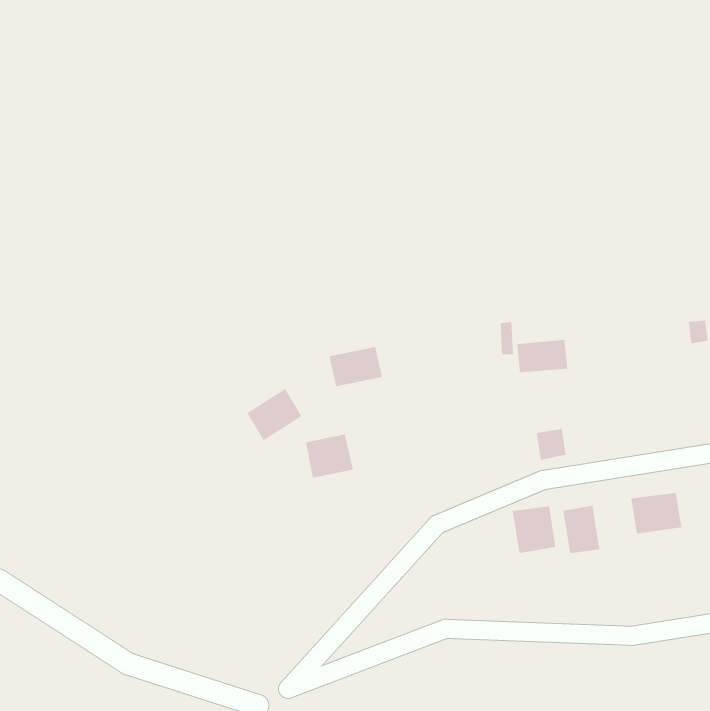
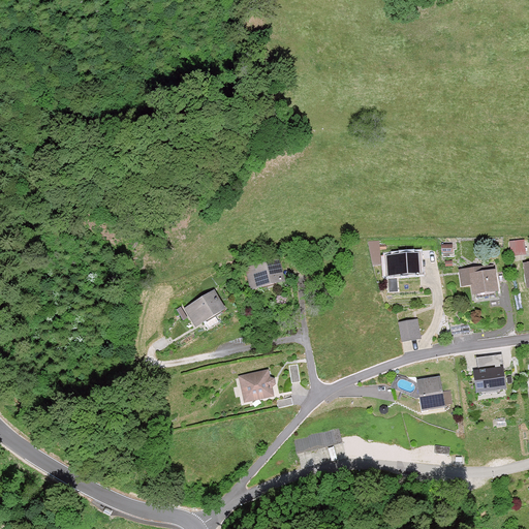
building: none -> [458,266,499,294]
building: [305,434,354,478] -> [238,370,274,403]
building: [512,505,556,554] -> none

